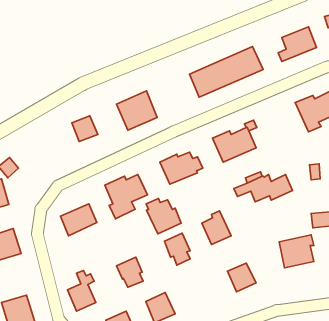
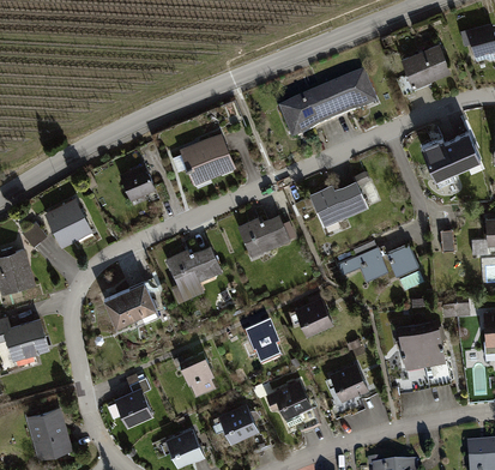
building: none -> [43,198,93,247]
building: [146,199,181,234] -> none
building: none -> [265,380,312,420]

